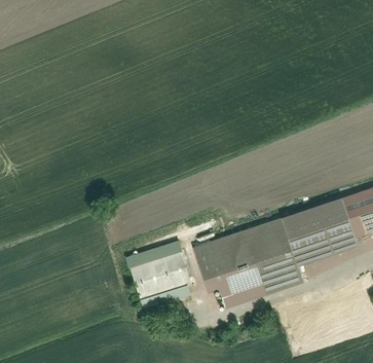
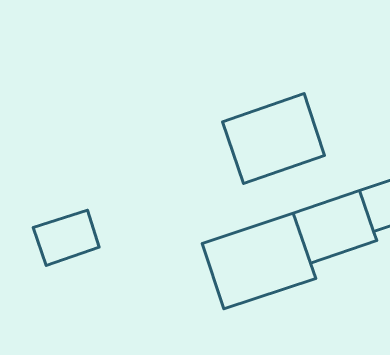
building: none -> [222,93,325,183]
building: [128,249,191,301] -> [33,210,99,266]

